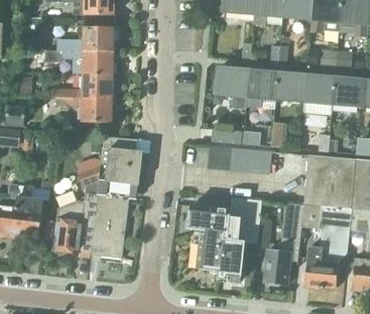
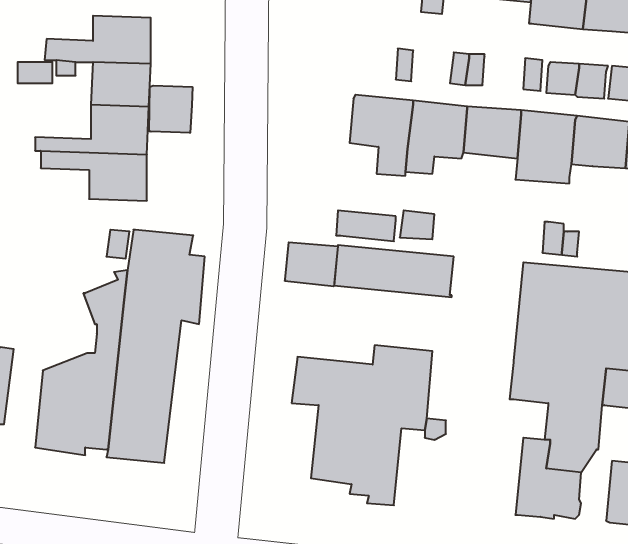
building: none -> [149,86,192,133]
building: none -> [285,242,338,286]
building: [264,204,302,285] -> none

